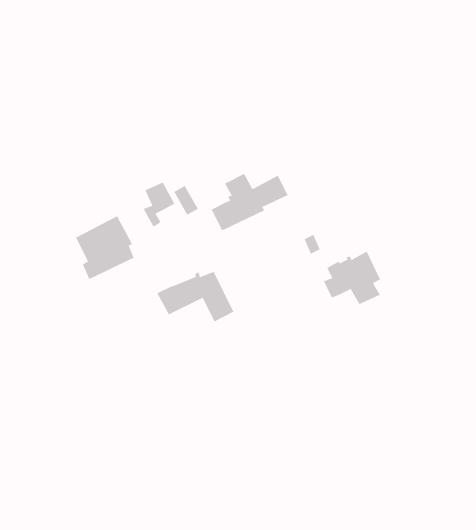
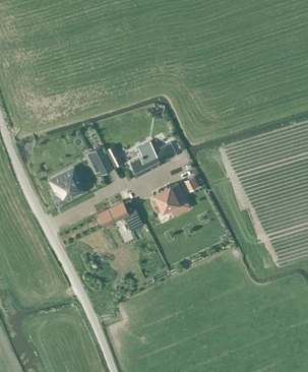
building: [323,251,381,305] -> [150,183,185,215]

